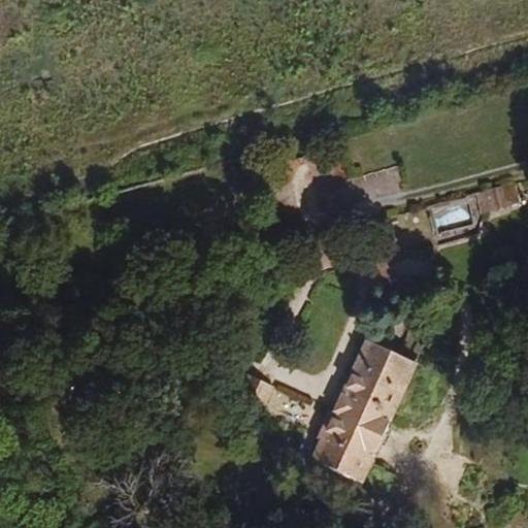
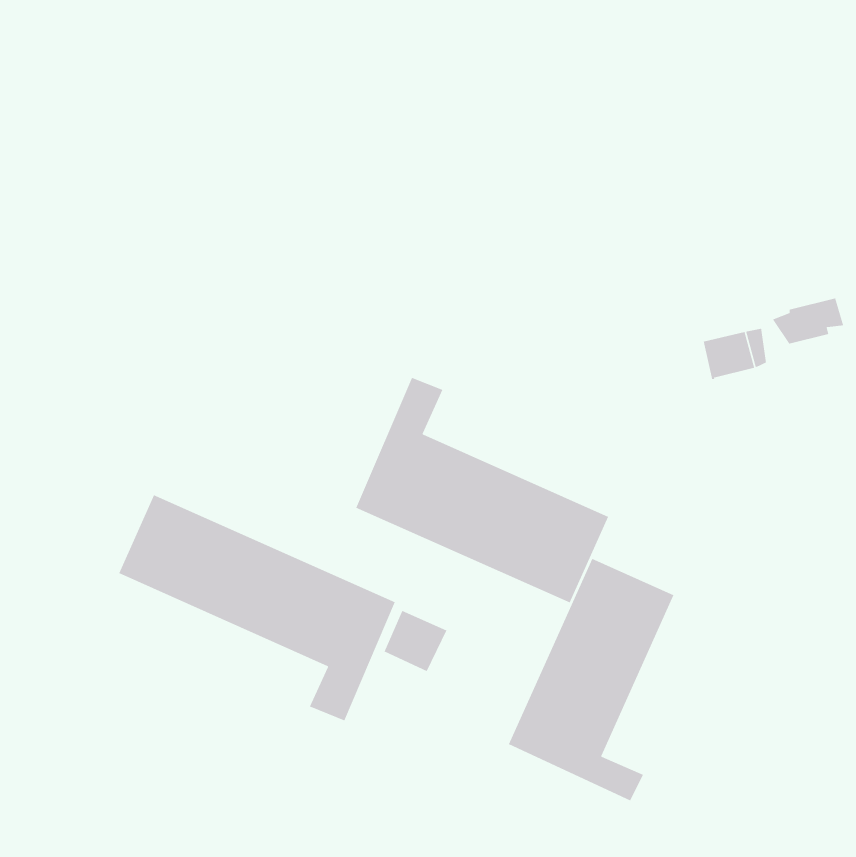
building: none -> [355,377,609,604]
building: none -> [118,494,396,722]

